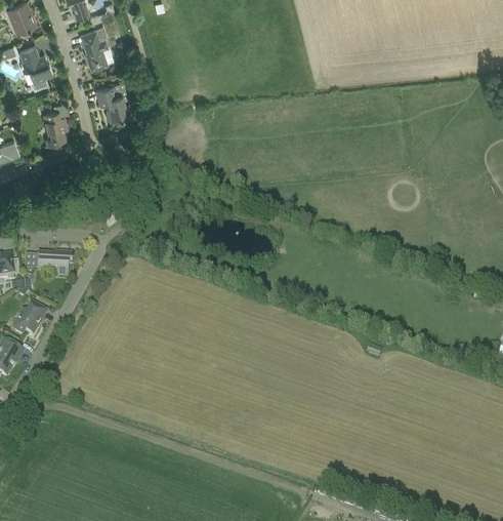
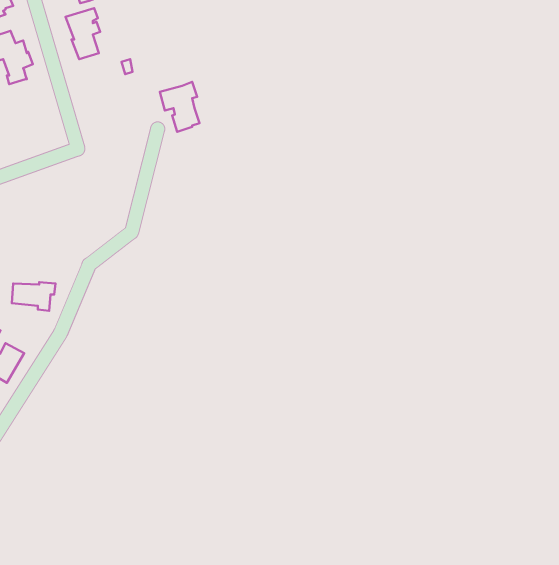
building: [95,81,128,122] -> [160,82,200,132]
building: [42,110,67,145] -> none

